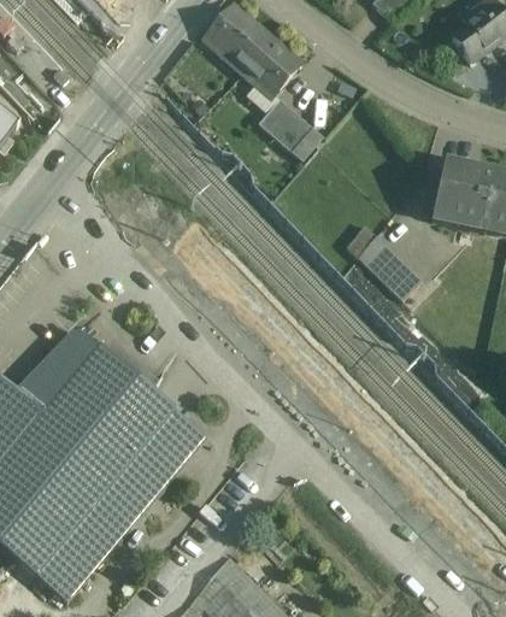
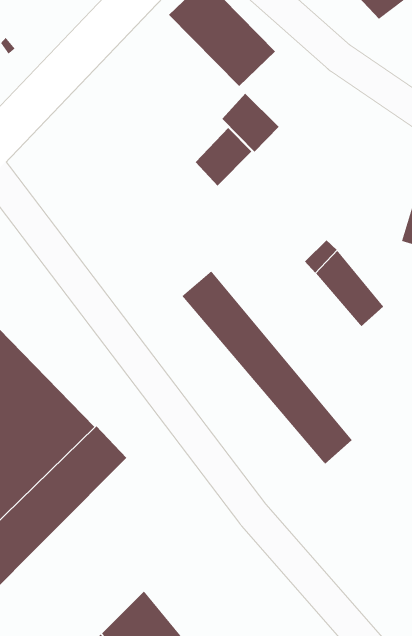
building: none -> [195,127,252,186]
building: none -> [182,270,353,465]

